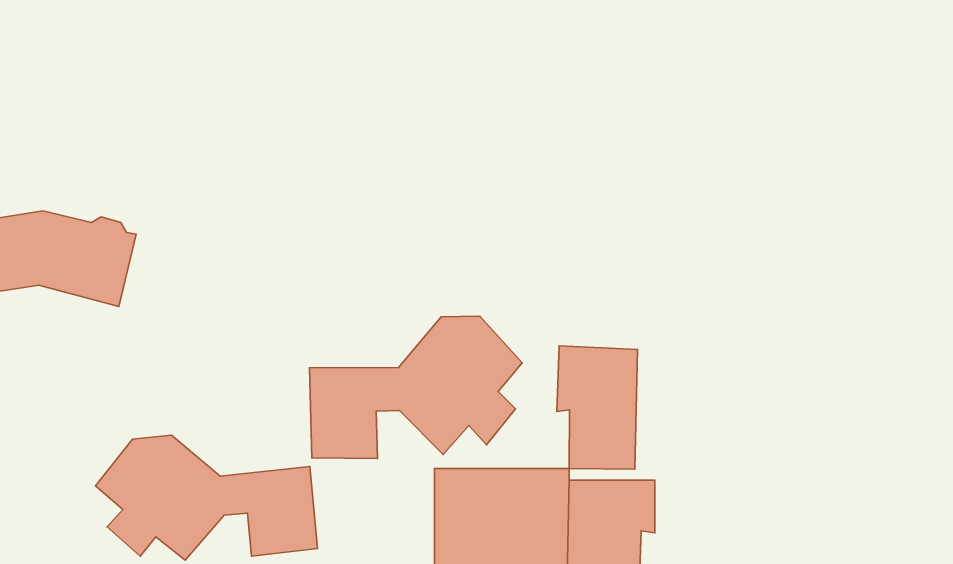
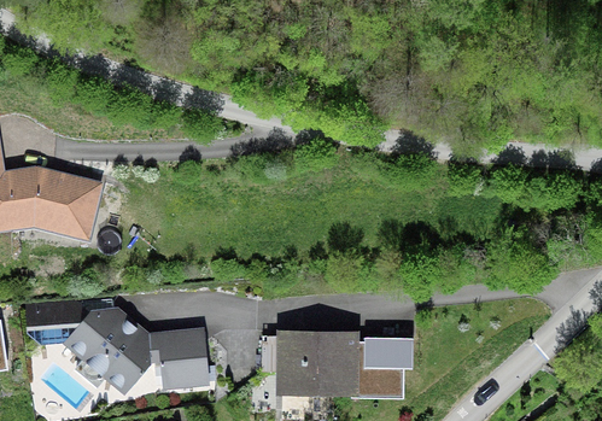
building: [309,316,522,458] -> none
building: [557,346,637,469] -> none

